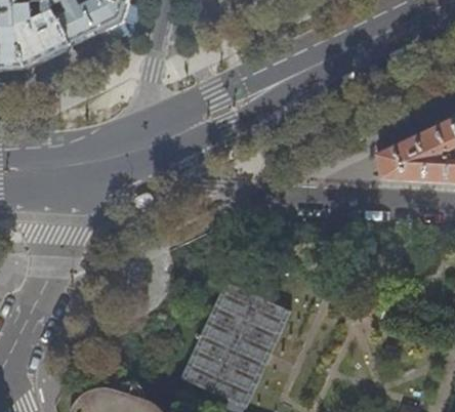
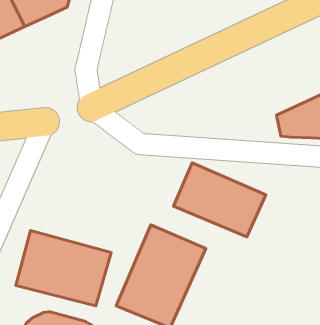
building: none -> [174,163,266,237]
building: none -> [16,231,111,306]

